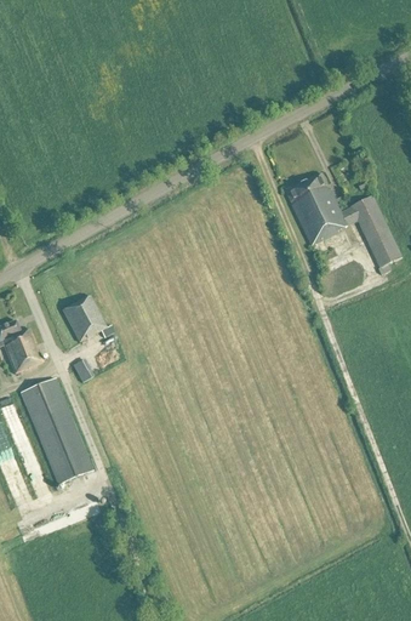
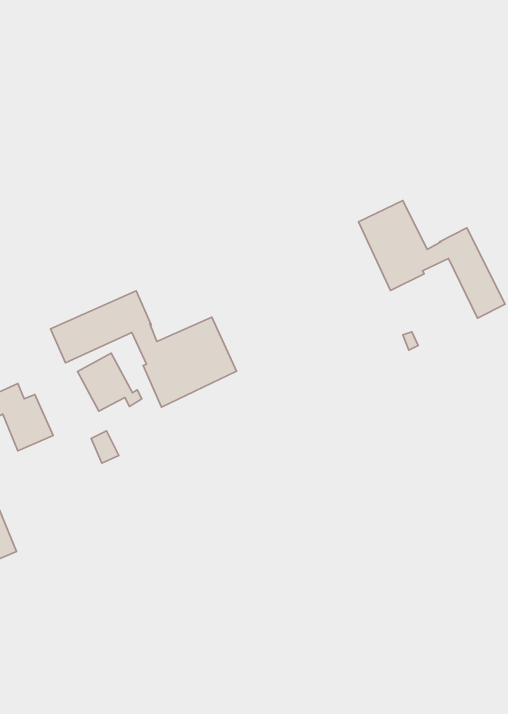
building: none -> [50,291,237,407]
building: [21,377,92,484] -> none

